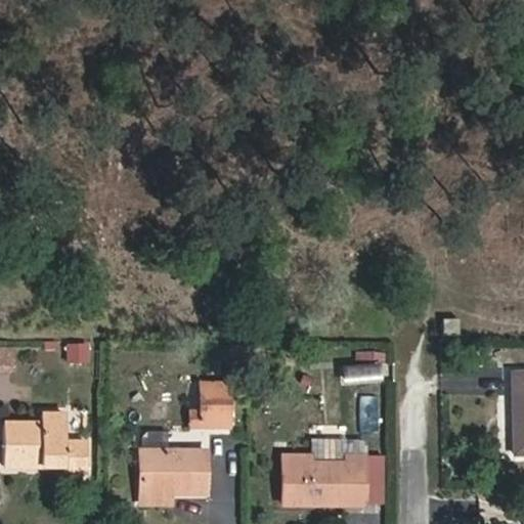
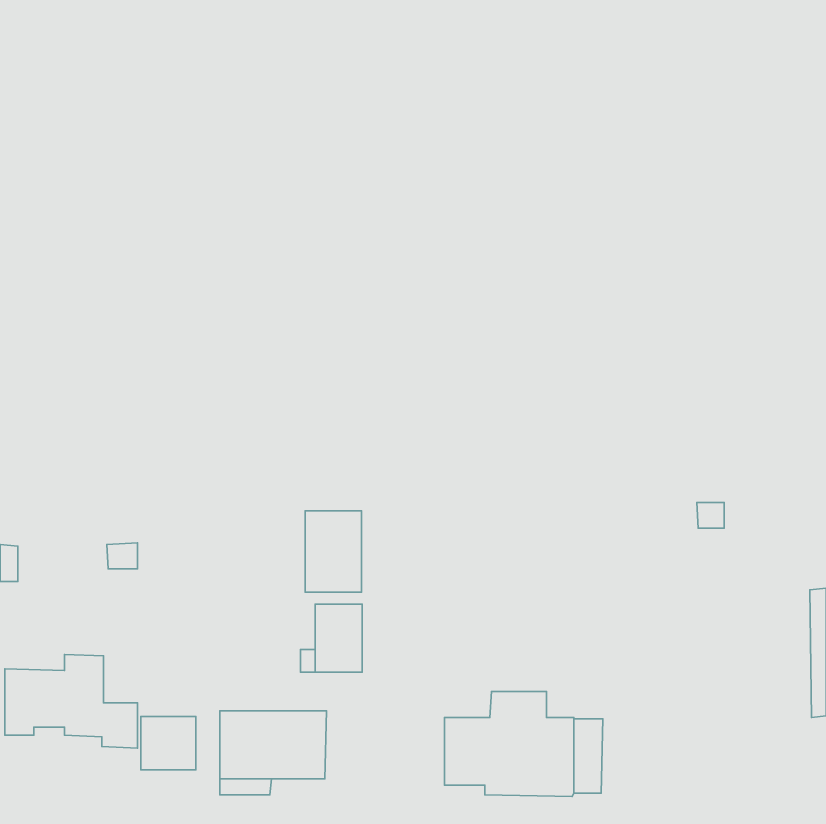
building: none -> [305,511,362,592]
building: none -> [141,717,196,770]

